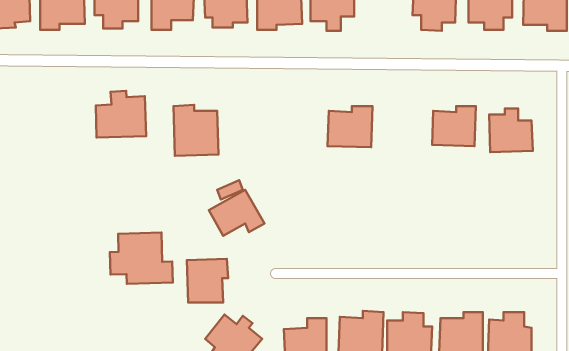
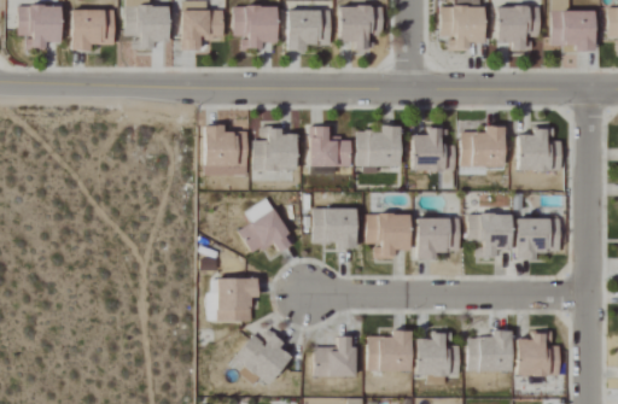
building: [96,91,146,138] -> none
building: none -> [252,125,296,170]
building: none -> [309,125,352,165]
building: none -> [412,127,456,170]
building: none -> [313,207,355,250]
building: none -> [366,212,409,258]
building: none -> [468,212,511,257]
building: none -> [415,217,460,259]
building: none -> [515,217,559,258]
building: [110,233,173,284] -> none

